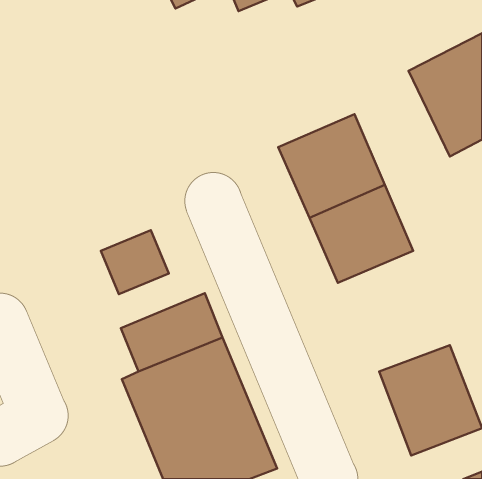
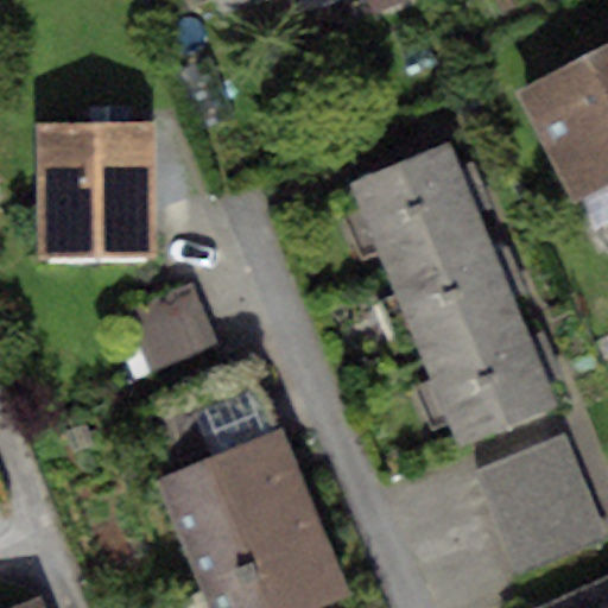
building: none -> [38,127,158,261]
building: none -> [425,316,557,443]

